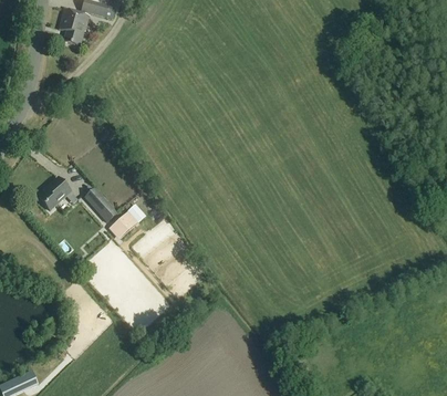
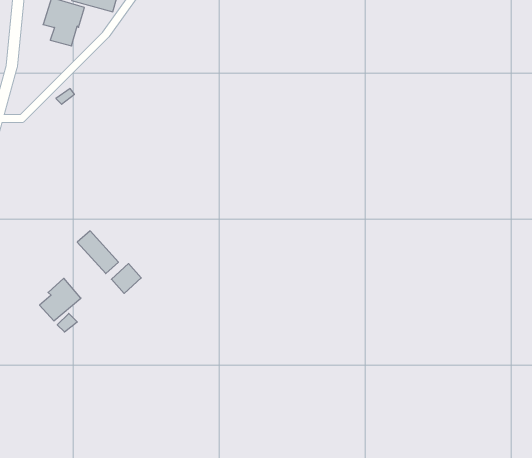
building: [38,177,70,210] -> [40,278,81,321]

